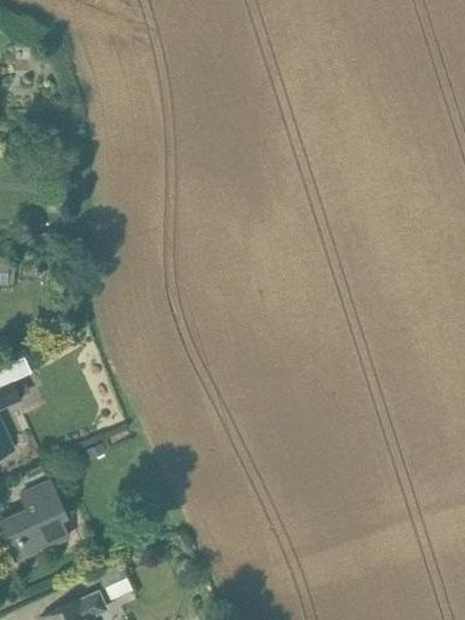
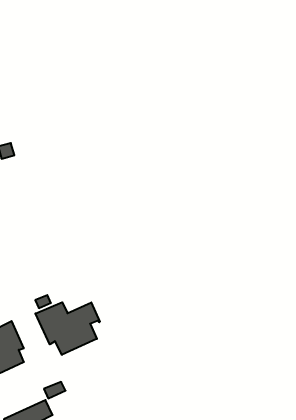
building: none -> [35,302,100,355]

